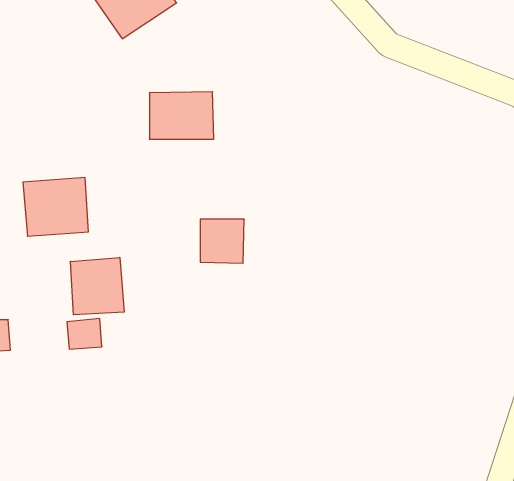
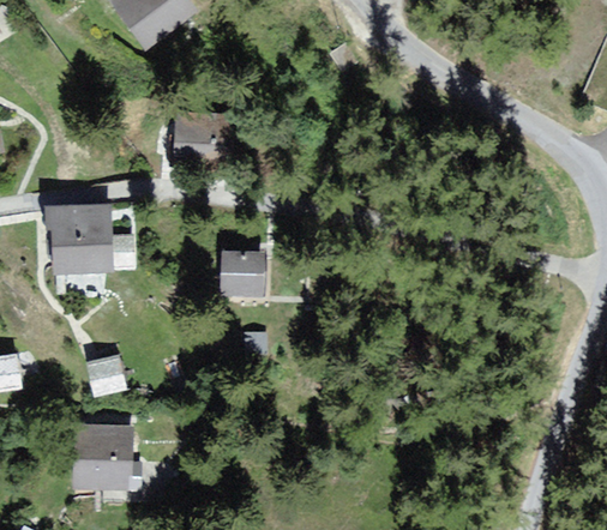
building: [70,257,124,315] -> none
building: none -> [72,440,131,483]

